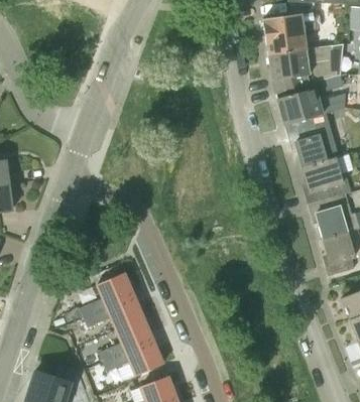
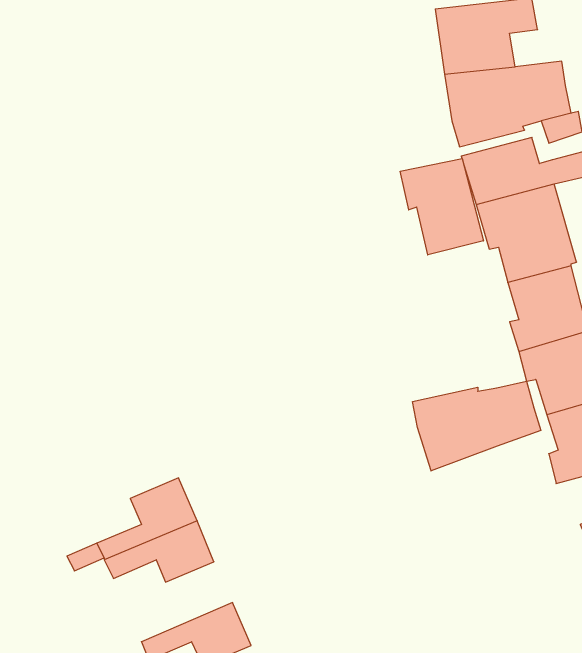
building: none -> [400,158,483,255]
building: none -> [413,381,541,471]
building: [100,317,153,361] -> none

